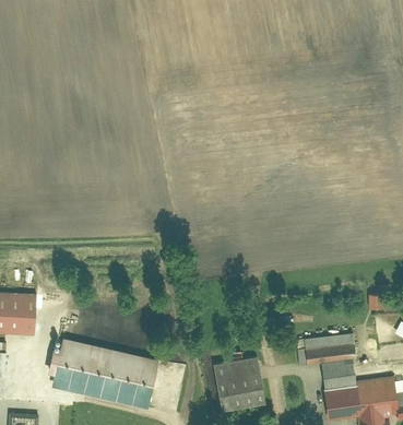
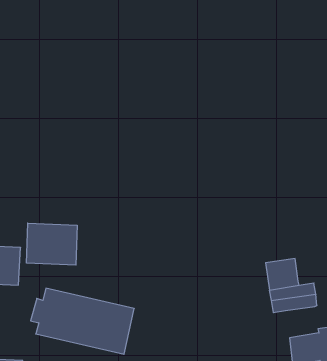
building: none -> [27,223,77,265]
building: [213,356,265,411] -> none
building: [321,357,357,391] -> [266,259,299,290]

